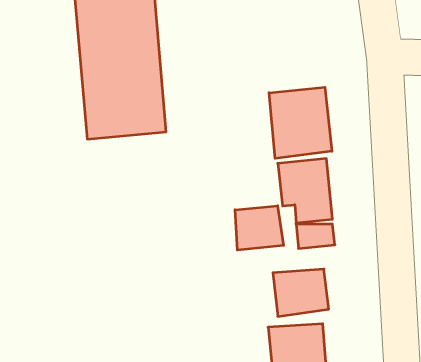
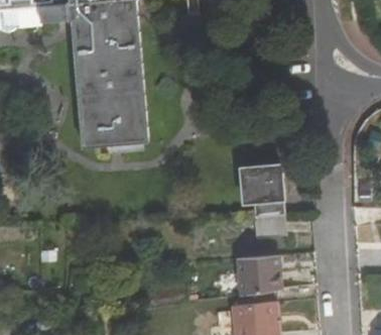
building: [269,87,332,158] -> none
building: [235,206,284,250] -> none

